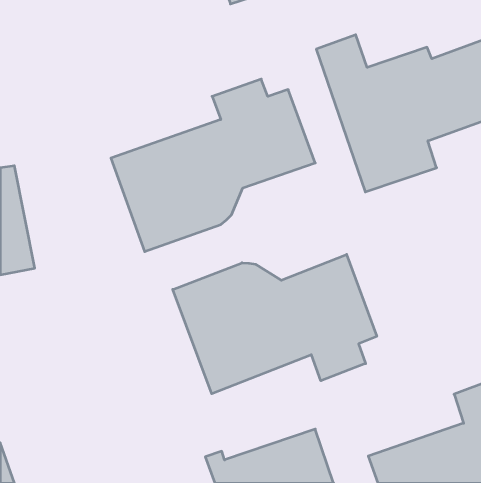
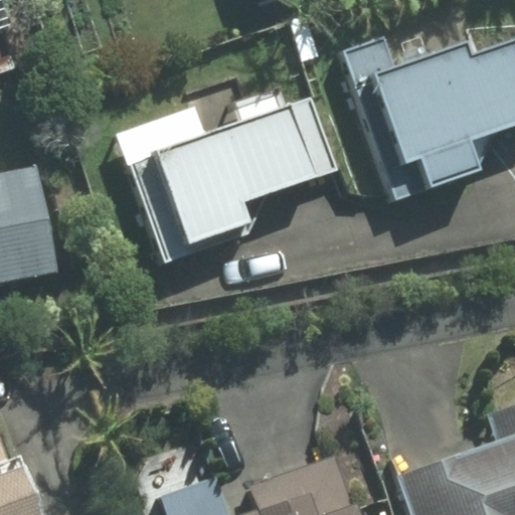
building: [173,254,377,394] -> none

